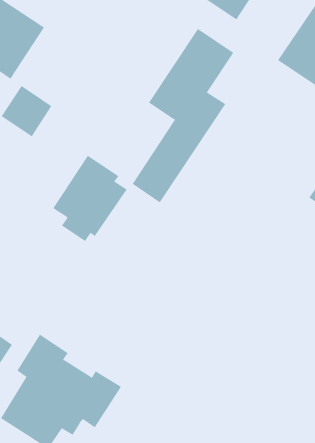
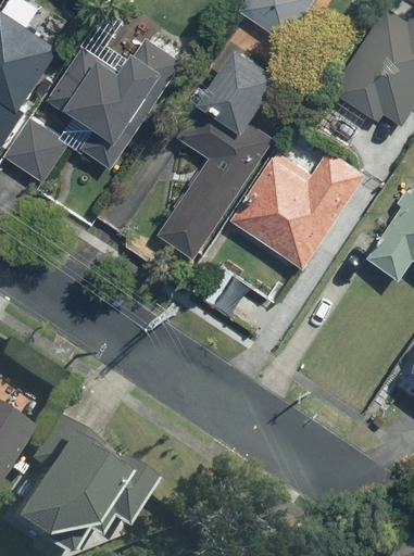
building: none -> [48,40,178,167]
building: none -> [230,154,363,268]
building: [52,155,128,242] -> none

